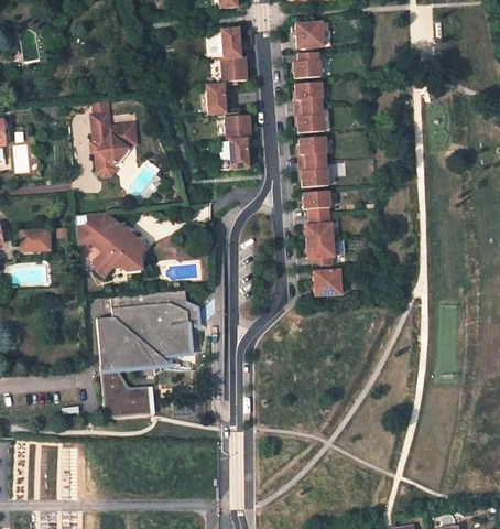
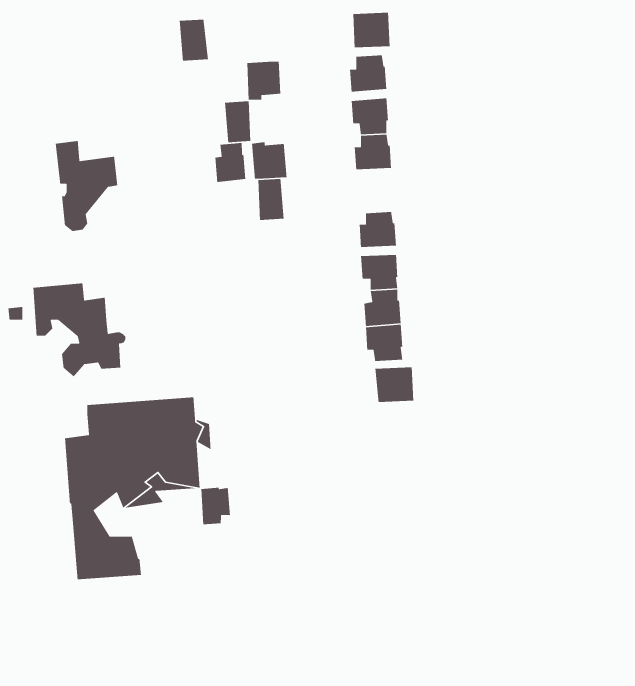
building: [221,29,242,58] -> [179,19,209,61]
building: none -> [215,142,246,183]
building: [300,138,326,163] -> none
building: none -> [200,487,231,525]

